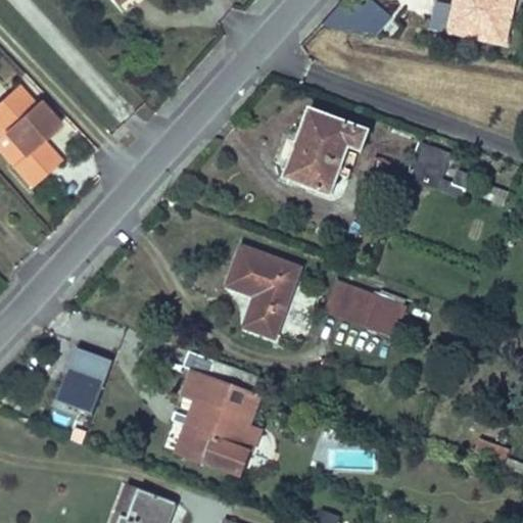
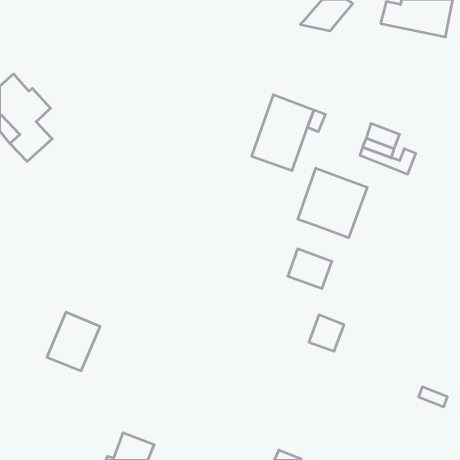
building: none -> [298,168,367,238]
building: [228,247,299,337] -> none
building: [365,296,405,337] -> [309,315,344,351]
building: [178,361,258,474] -> none

